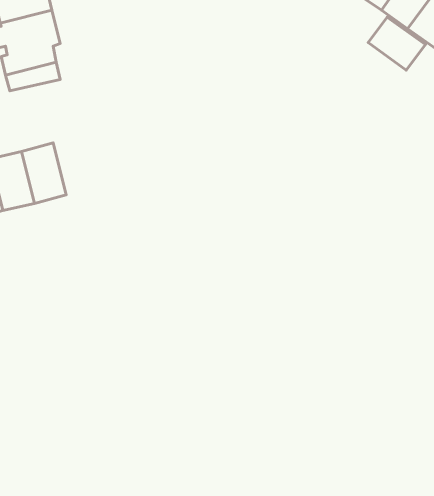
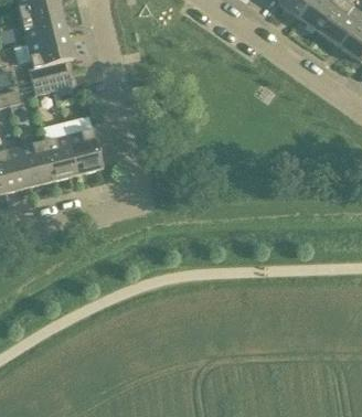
building: [368,17,425,70] -> none
building: none -> [67,119,114,173]

